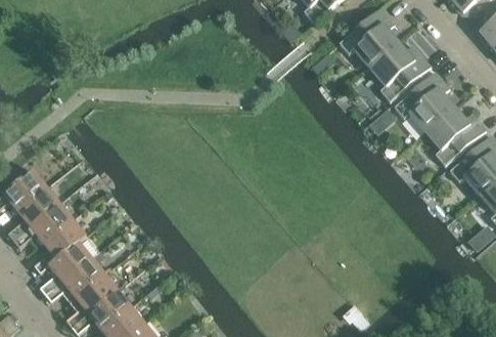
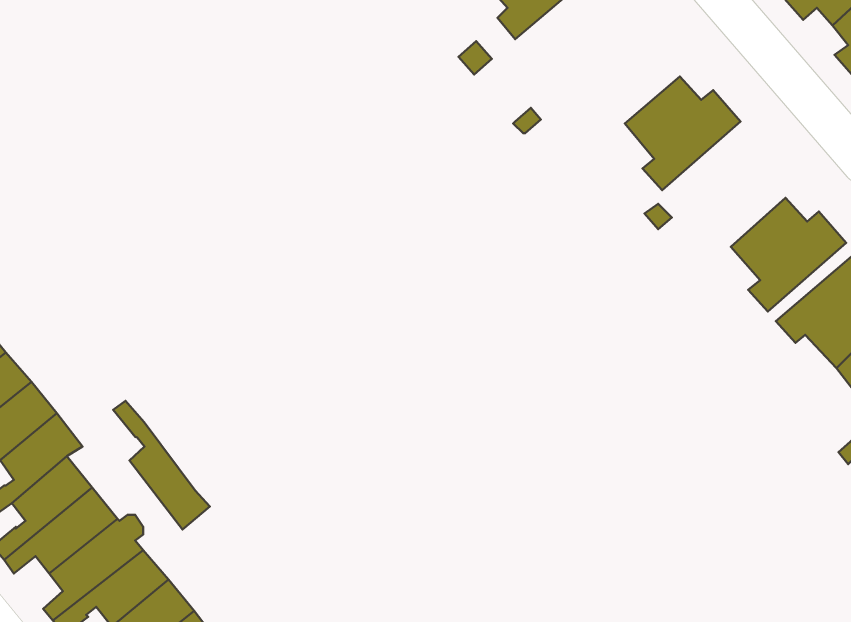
building: [339,7,399,67] -> none
building: [394,71,454,131] -> none
building: none -> [113,401,210,530]

